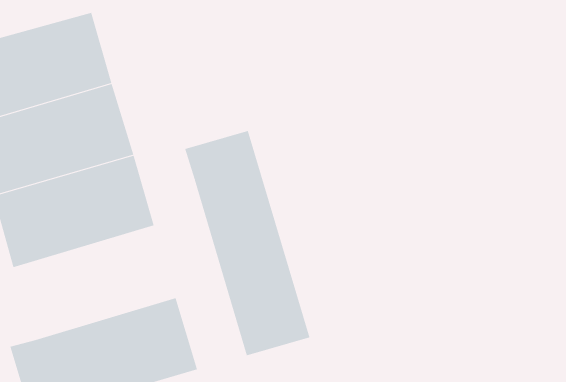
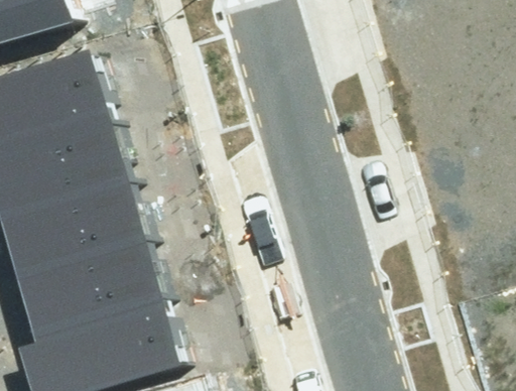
building: [185,130,310,356] -> none
building: none -> [18,238,162,339]

